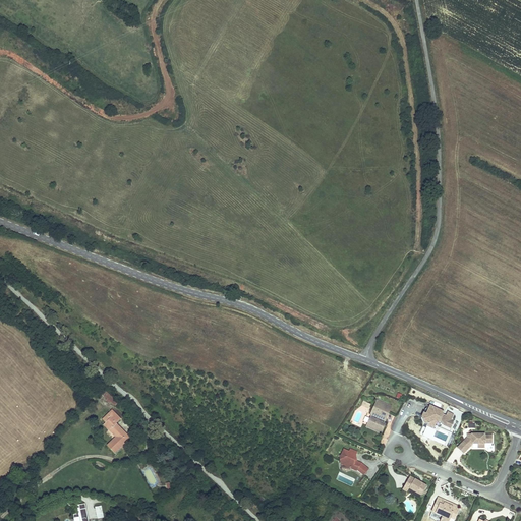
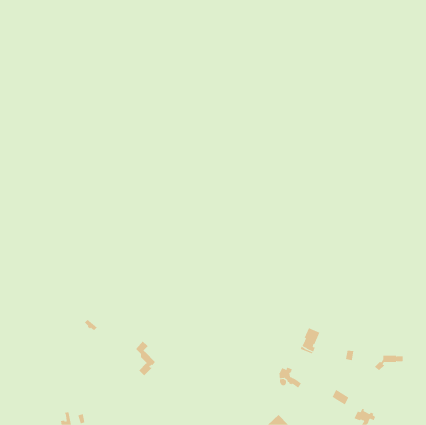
building: [421,405,453,427] -> none
building: [103,409,128,453] -> [135,340,156,376]

